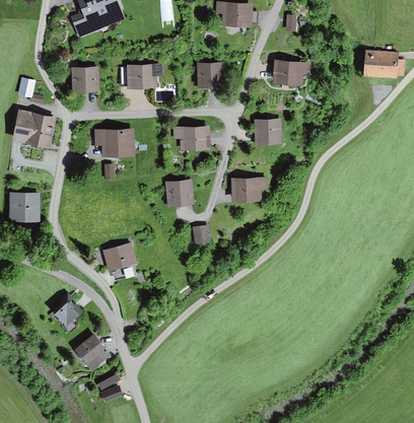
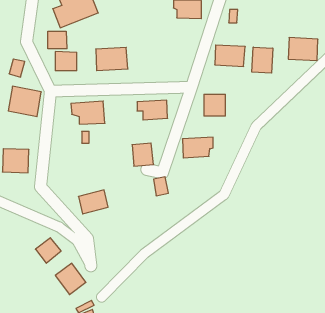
building: none -> [48,31,67,49]
building: [196,60,227,89] -> none
building: none -> [252,47,273,73]

